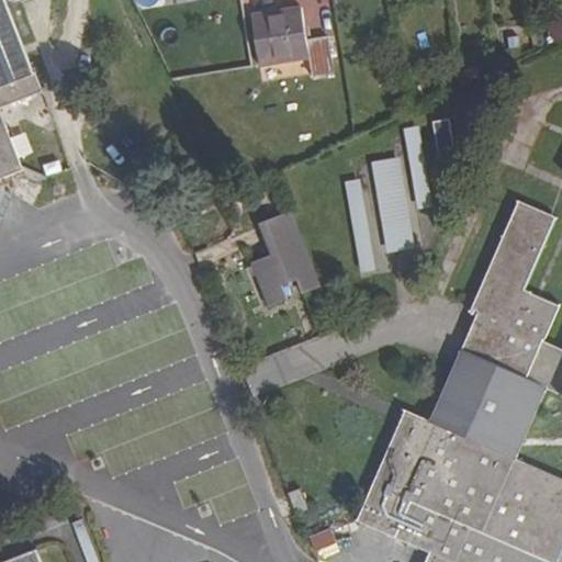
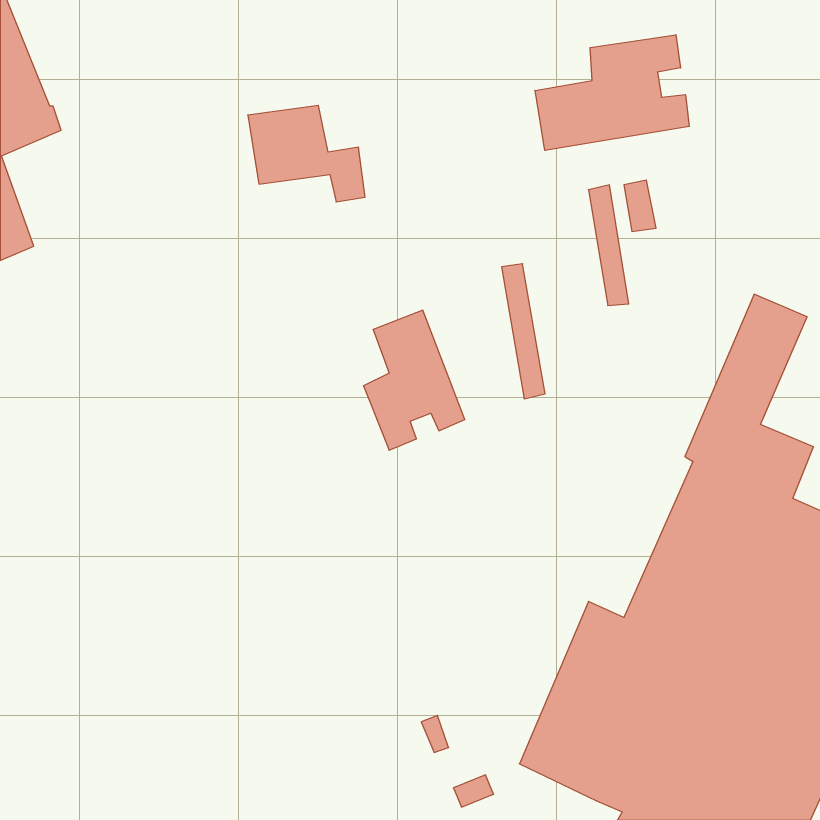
building: [250,11,330,77] -> [248,105,365,202]
building: none -> [535,35,689,150]
building: [369,159,412,252] -> none

